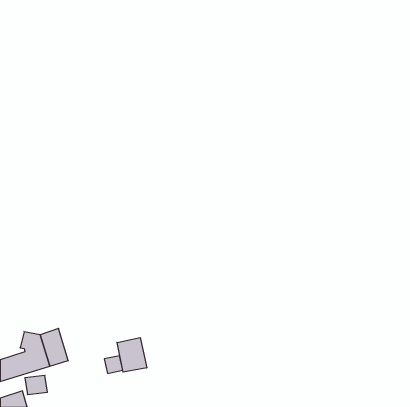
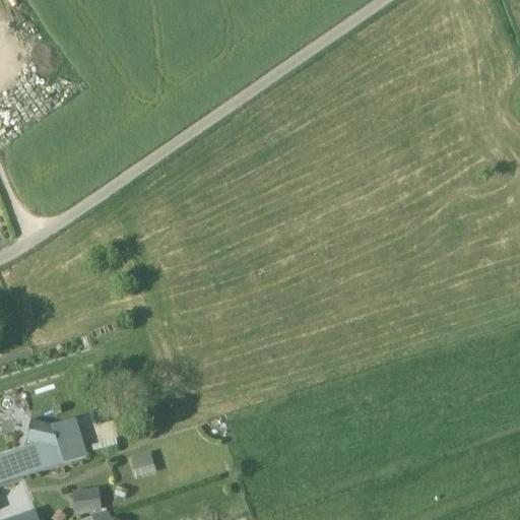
building: [117,338,147,372] -> none
building: [25,375,47,395] -> [71,486,100,511]

